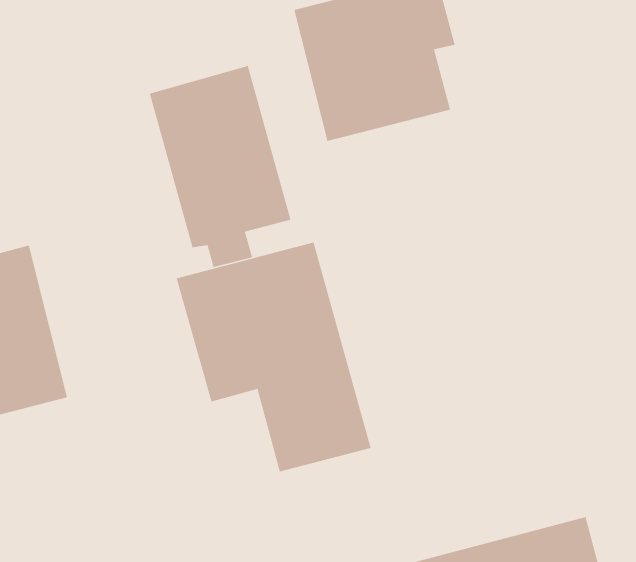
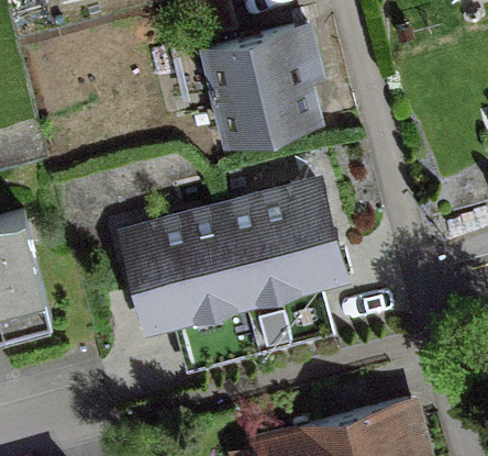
building: [149,65,291,268] -> none
building: none -> [219,180,337,349]

